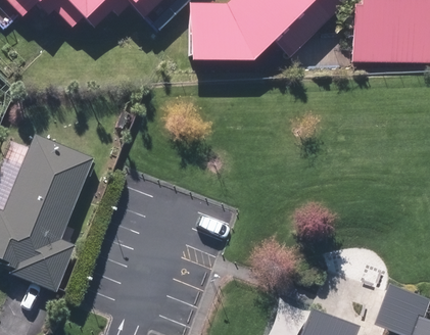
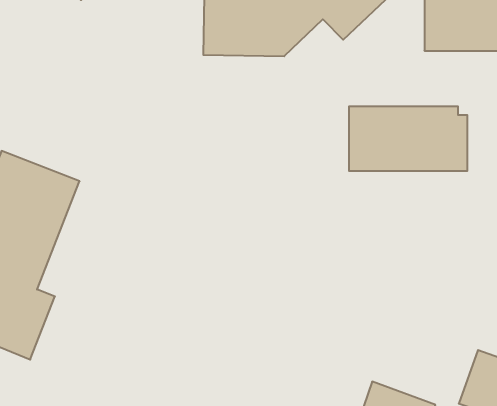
building: none -> [349,106,467,171]

